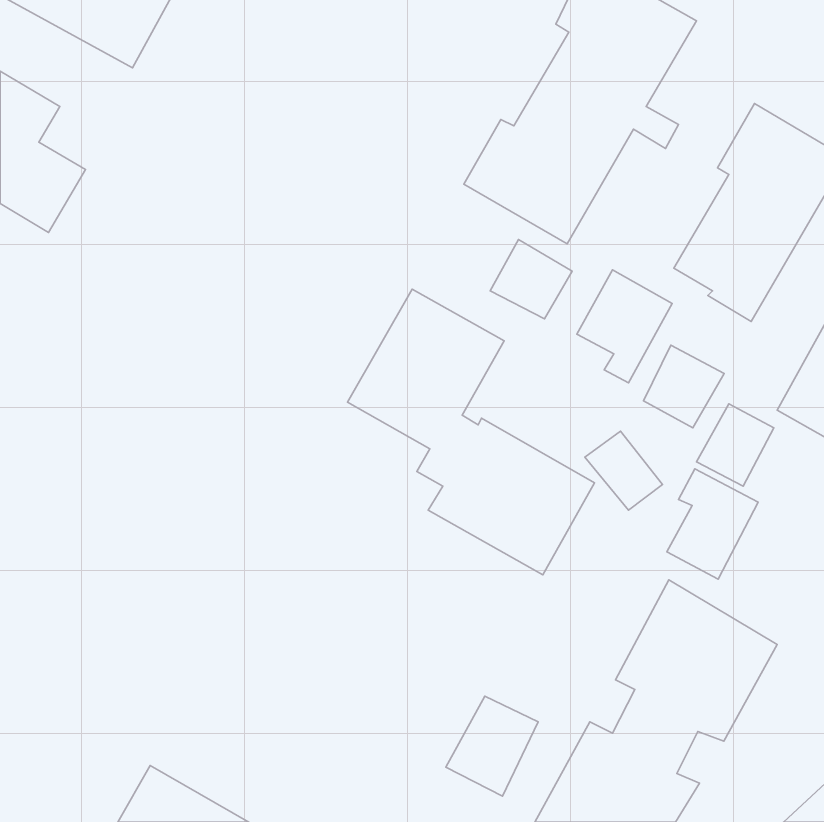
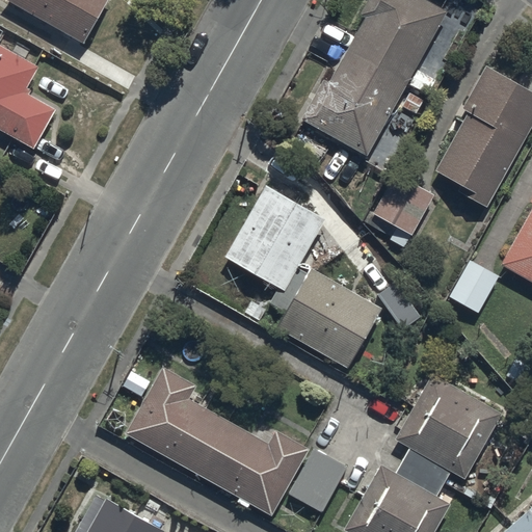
building: [490,239,572,319] -> none
building: [644,345,724,428] -> none
building: [667,469,758,579] -> none
building: none -> [125,367,310,515]

